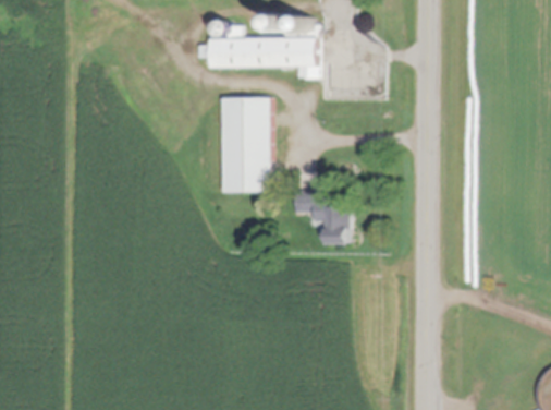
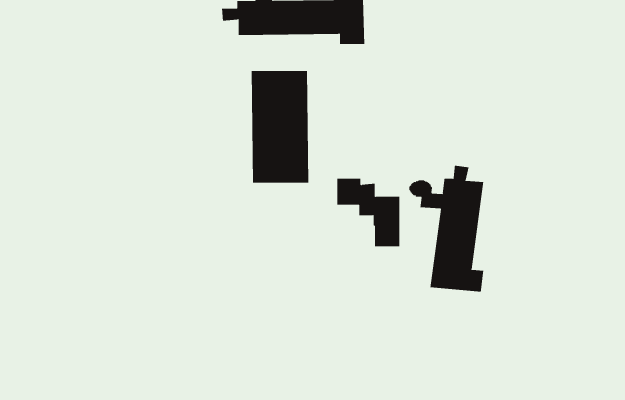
building: none -> [409,165,484,293]

